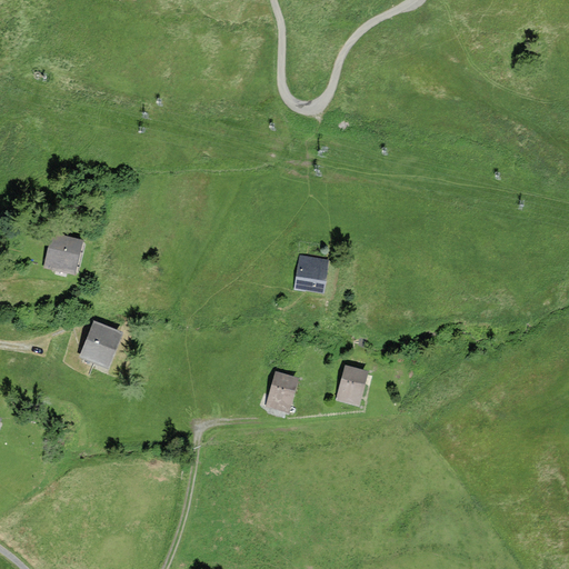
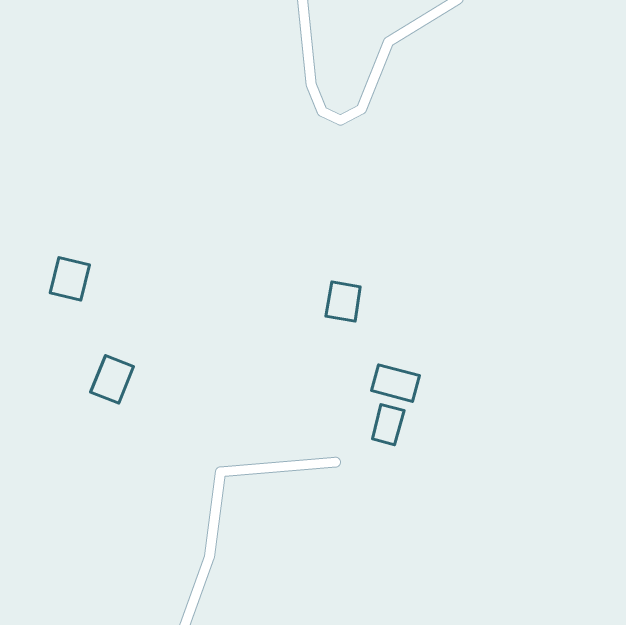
building: none -> [371,365,419,401]
building: [268,372,297,410] -> none

